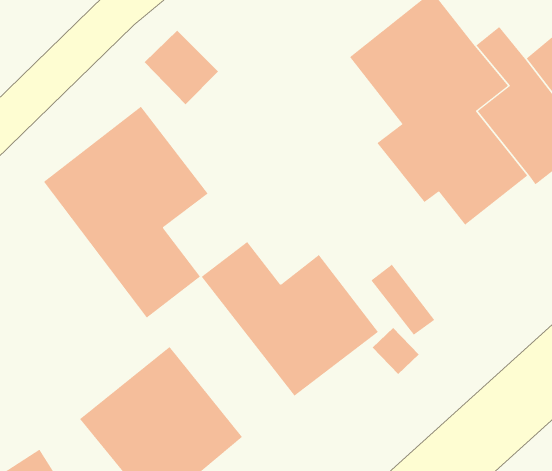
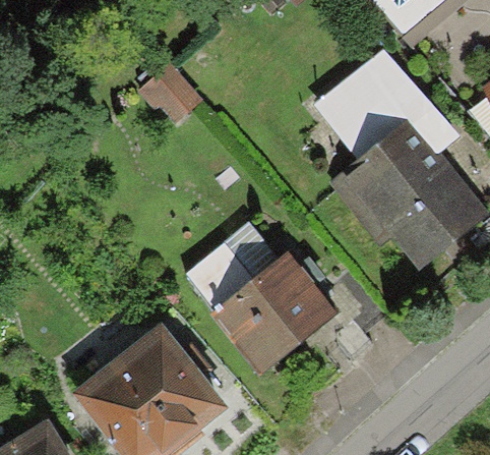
building: [43,106,208,319] -> none

